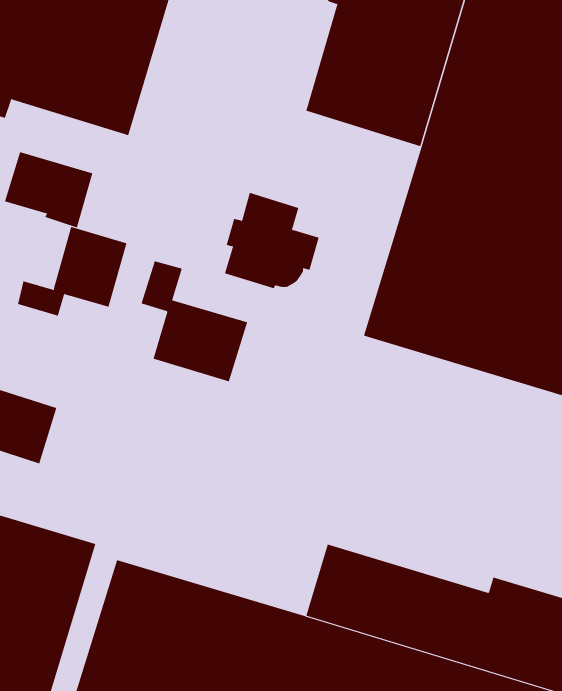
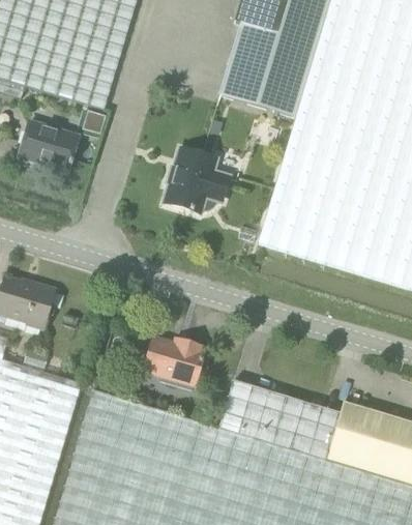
building: [17,226,127,317] -> none
building: [141,261,248,382] -> none
building: none -> [143,339,207,386]

